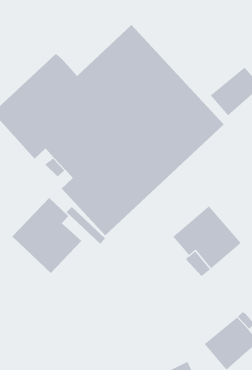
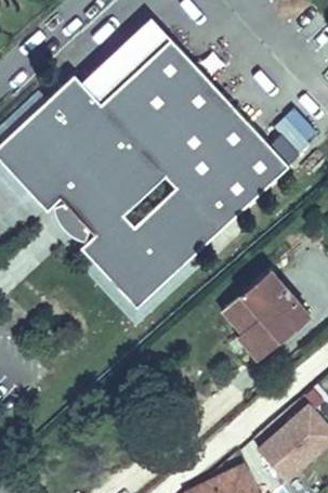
building: none -> [80,17,169,103]
building: [12,197,82,274] -> none

